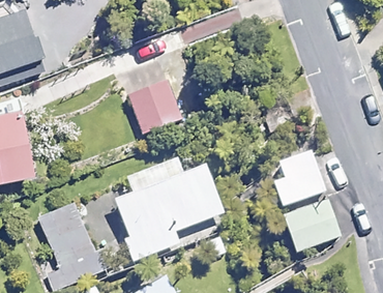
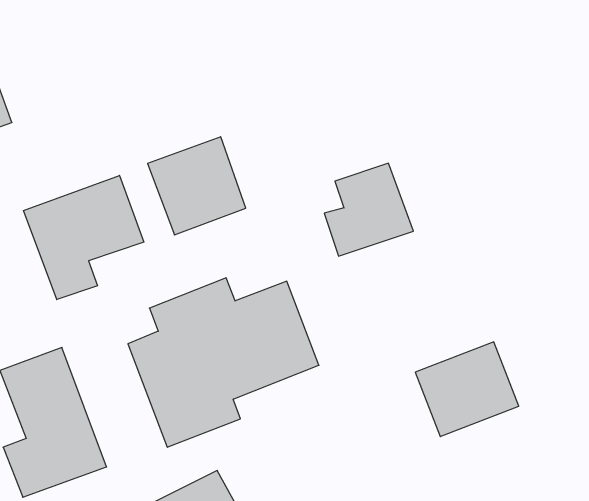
building: none -> [23,175,144,300]
building: [272,152,324,206] -> [324,163,413,256]

